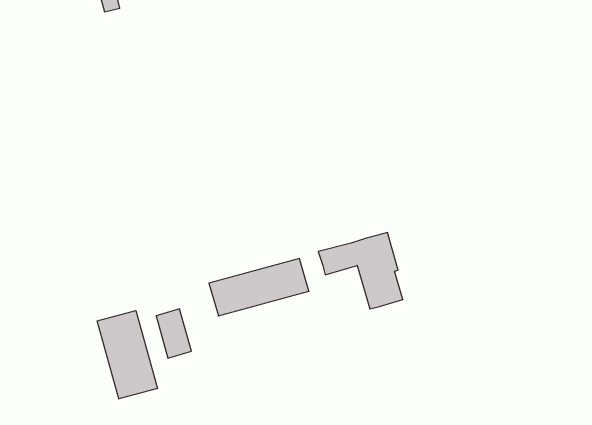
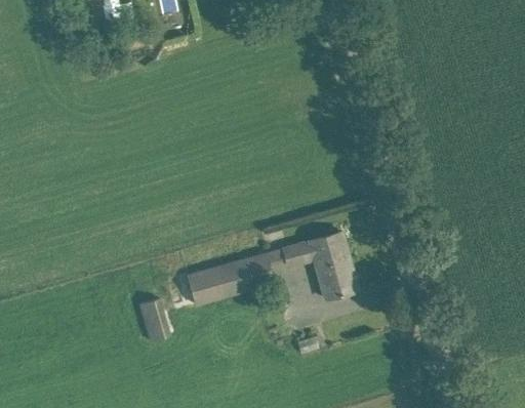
building: [97,311,157,399] -> none

